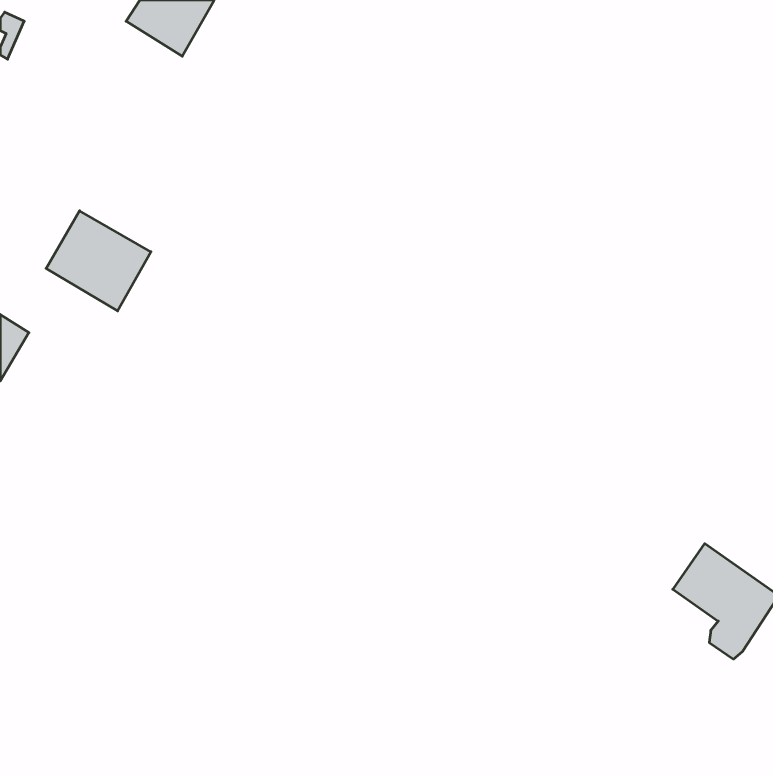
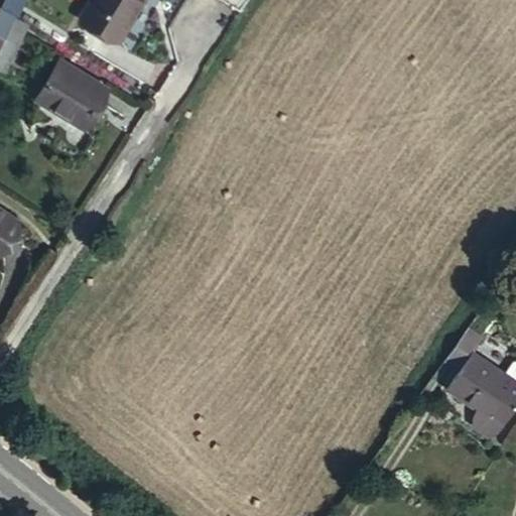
building: [46,211,151,311] -> [36,62,106,129]

